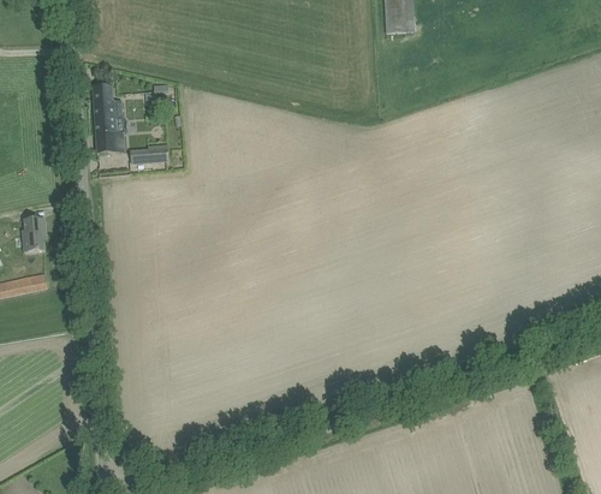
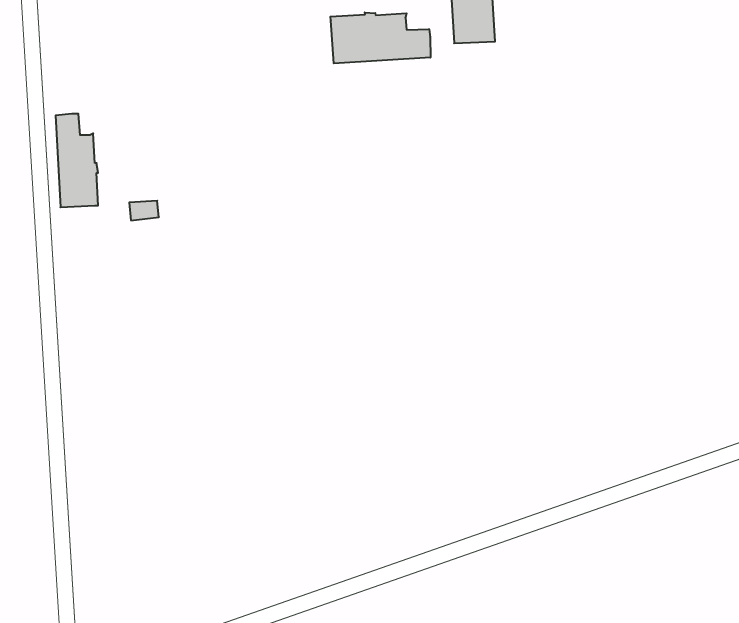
building: none -> [330,12,430,63]

